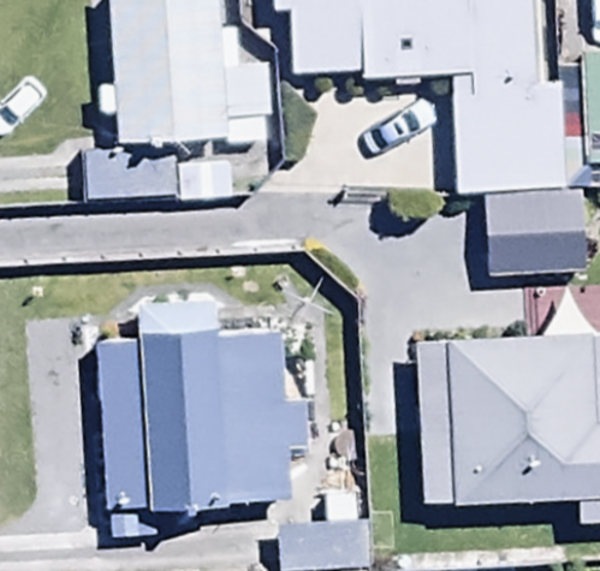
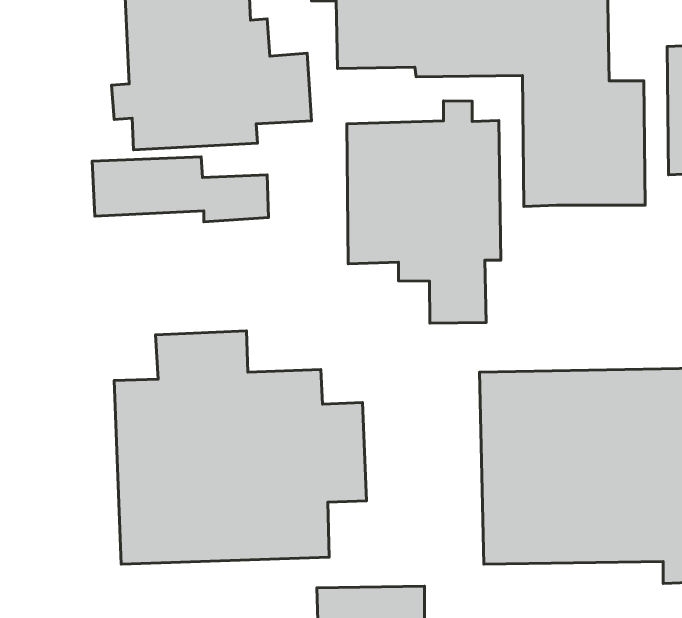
building: none -> [347,101,501,323]
building: [487,190,589,279] -> none

